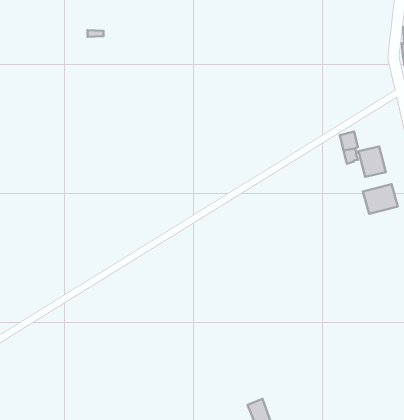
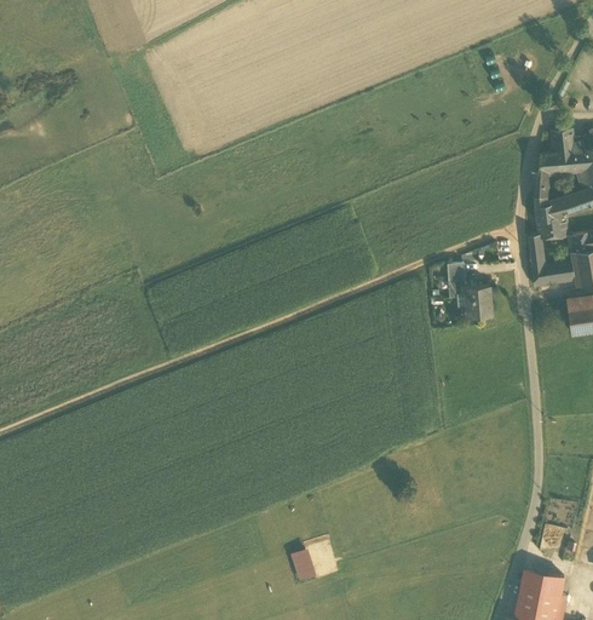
building: [363,184,398,214] -> none

